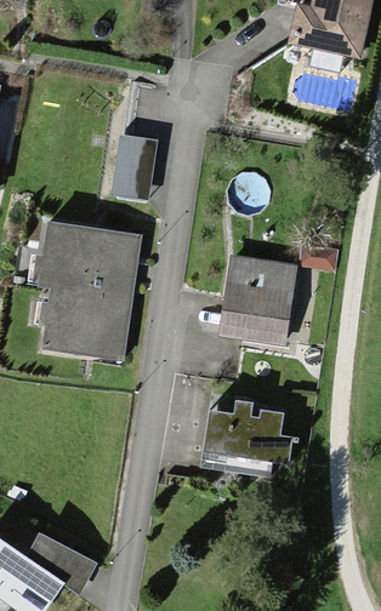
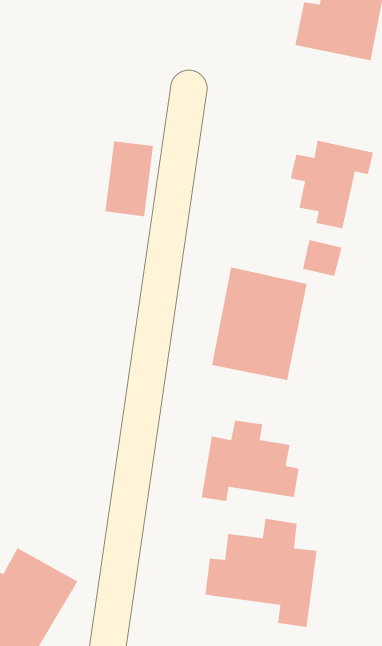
building: none -> [290,140,374,229]
building: [33,224,141,362] -> none
building: none -> [204,518,318,628]

